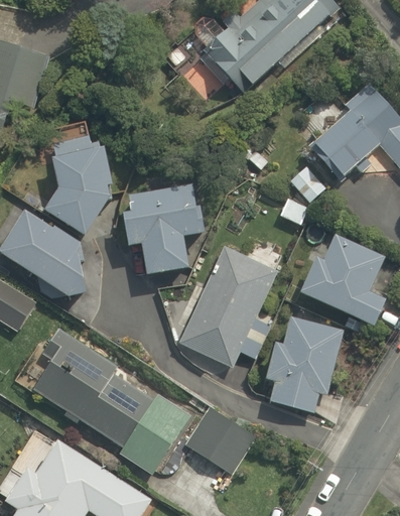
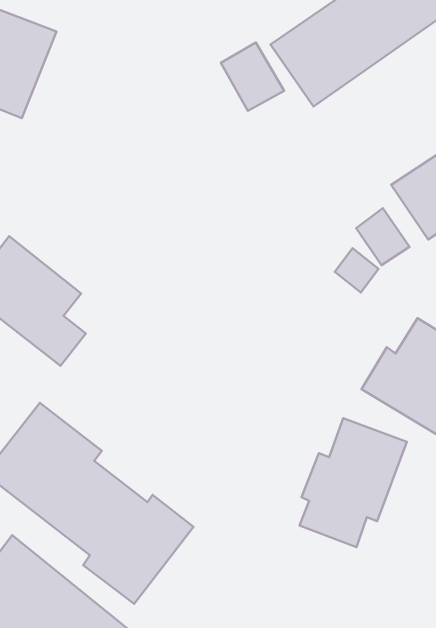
building: [47,132,114,240] -> none
building: [123,178,204,270] -> none
building: [179,247,273,365] -> none
building: [179,405,249,472] -> none

